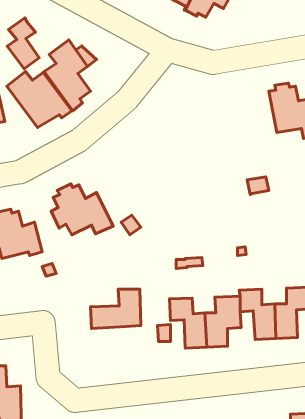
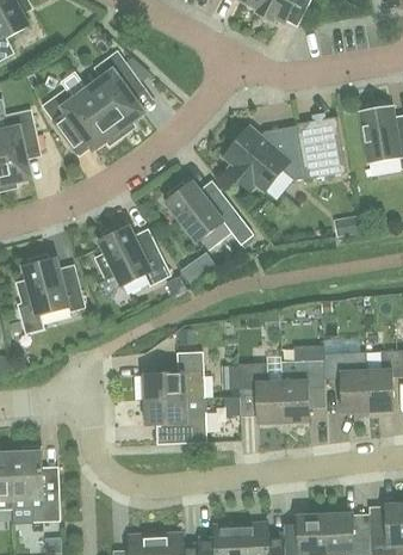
building: [7,18,39,69] -> none
building: none -> [223,115,345,190]
building: none -> [163,181,252,245]
building: none -> [143,396,205,443]

